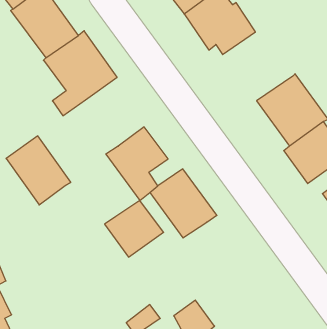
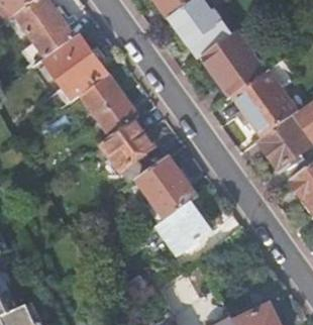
building: none -> [199,31,264,97]
building: [6,136,71,205] -> [79,74,136,135]
building: [105,201,164,257] -> [155,203,208,253]

